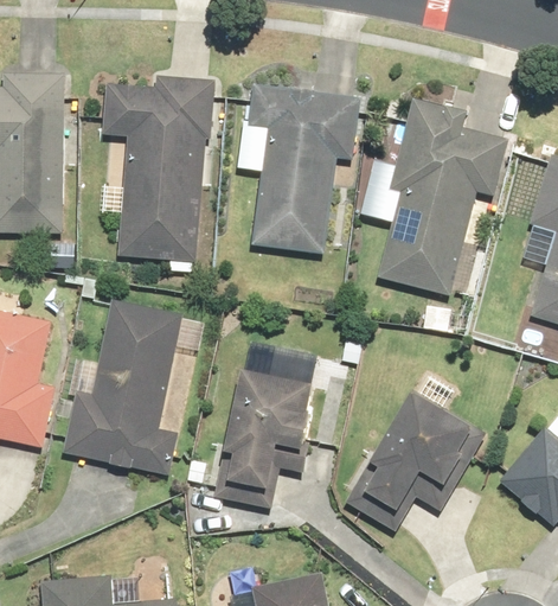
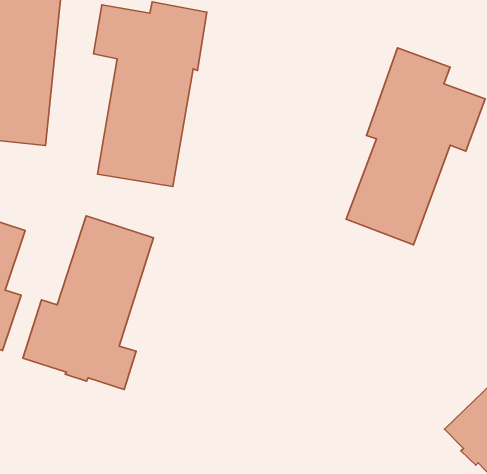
building: [248,87,361,253] -> none
building: [216,369,313,509] -> none
building: [345,390,485,532] -> none

